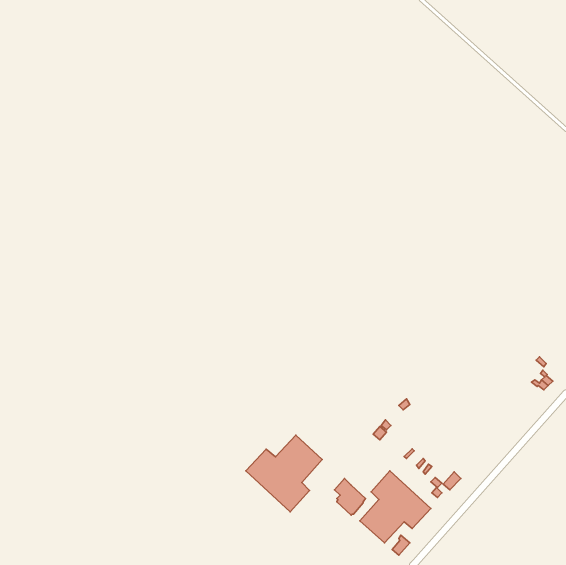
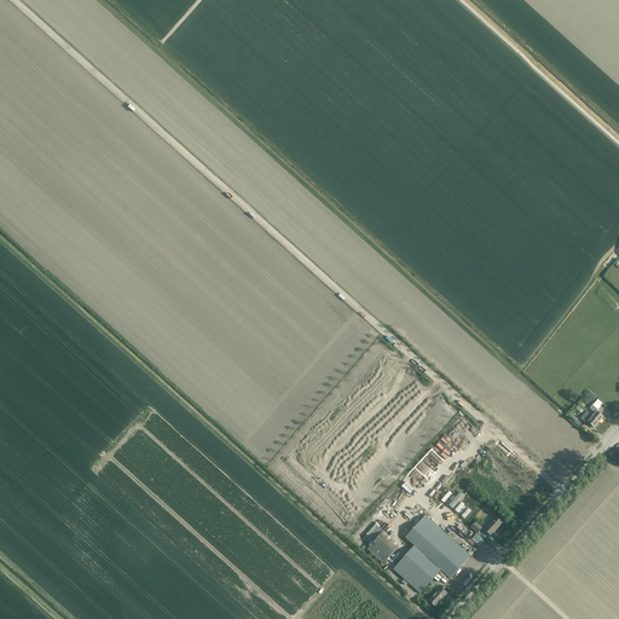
building: [246,435,322,512] -> none

